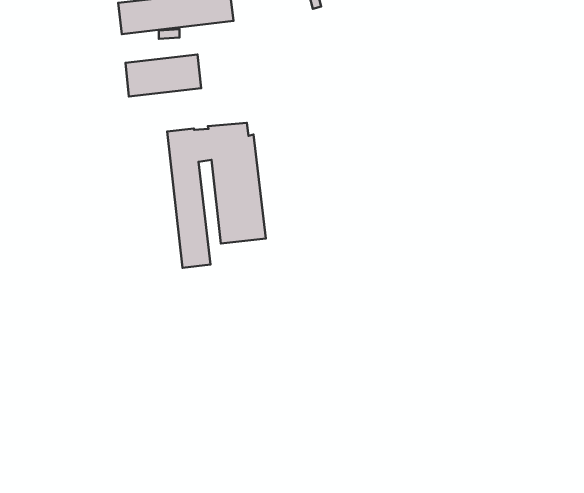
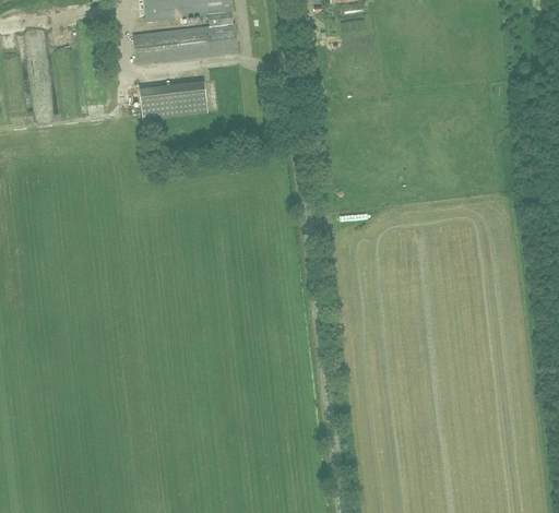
building: [167,123,266,268] -> none

